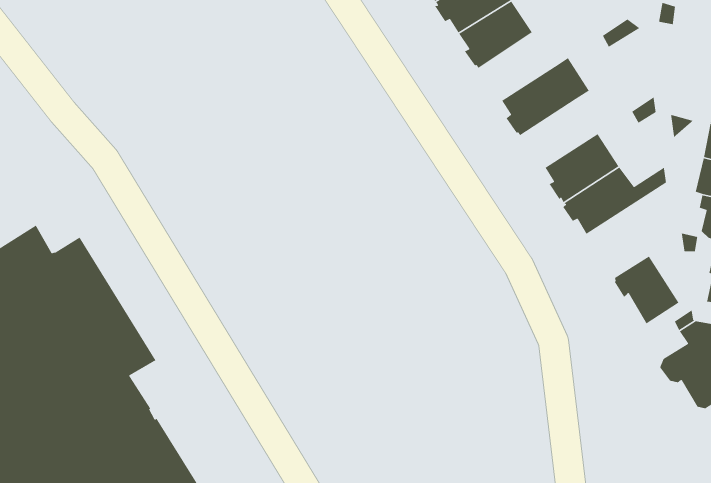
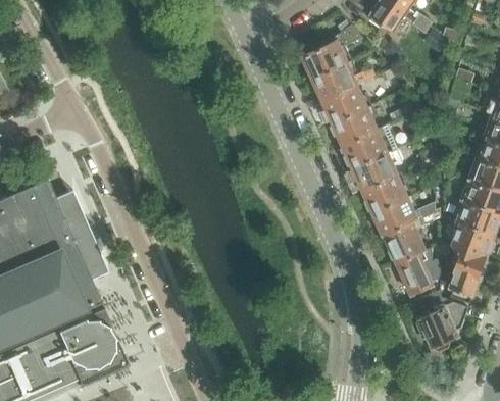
building: none -> [330,106,378,145]
building: none -> [350,151,398,190]
building: none -> [382,208,440,263]

